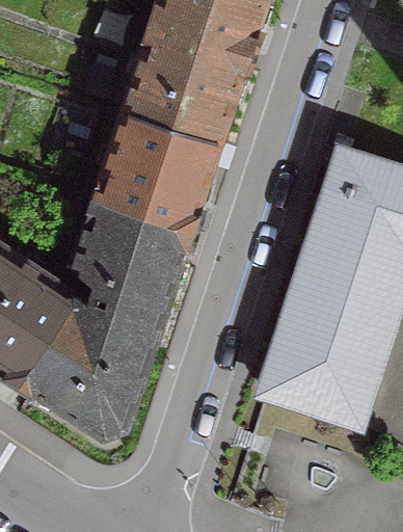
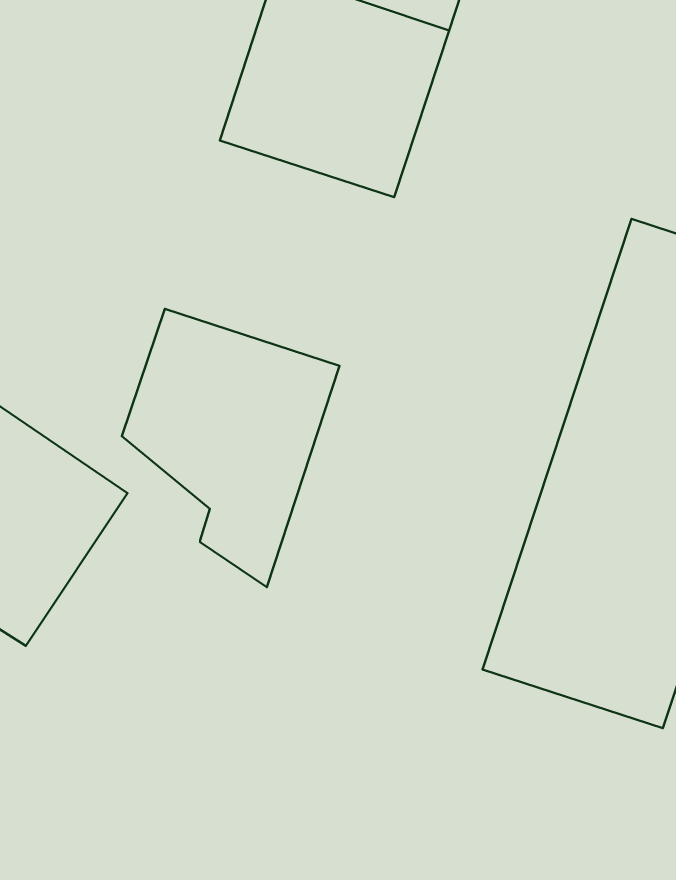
building: [92,110,214,230] -> none
building: [19,297,146,433] -> none

